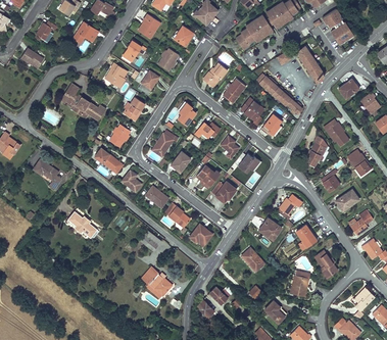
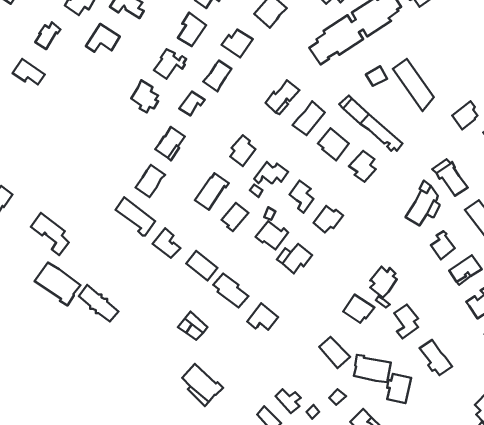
building: [323,10,354,46] -> none
building: [60,83,106,117] -> none
building: none -> [35,262,80,305]
building: none -> [354,355,391,382]

